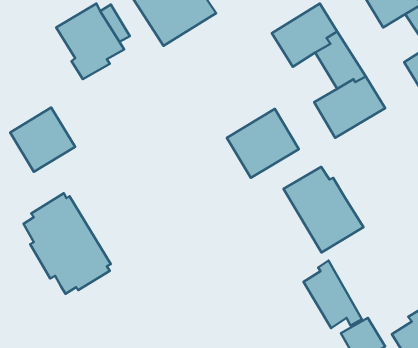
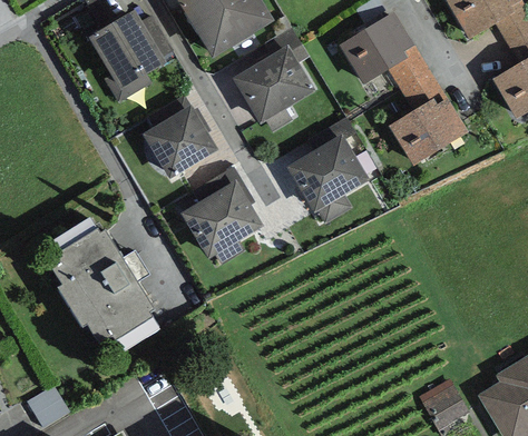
building: none -> [232,44,315,123]
building: [10,108,75,172] -> [143,103,218,178]
building: none -> [180,179,263,258]
building: [283,167,363,252] -> none
building: [304,260,362,328] -> none

